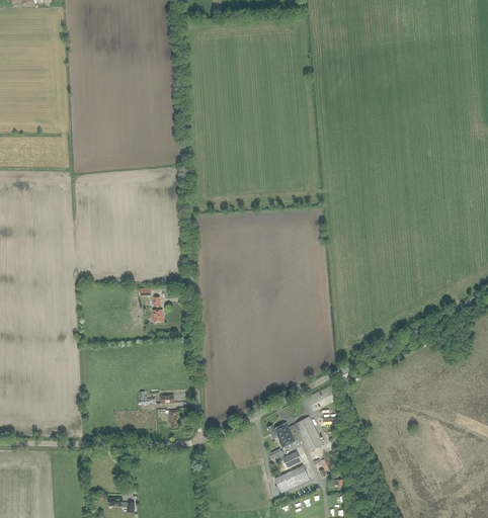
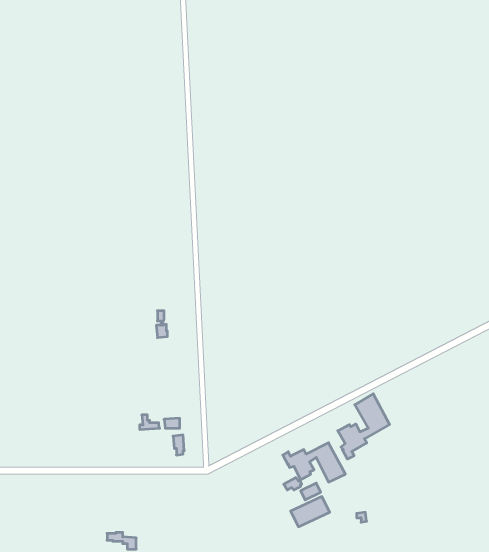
building: none -> [338,394,390,459]

